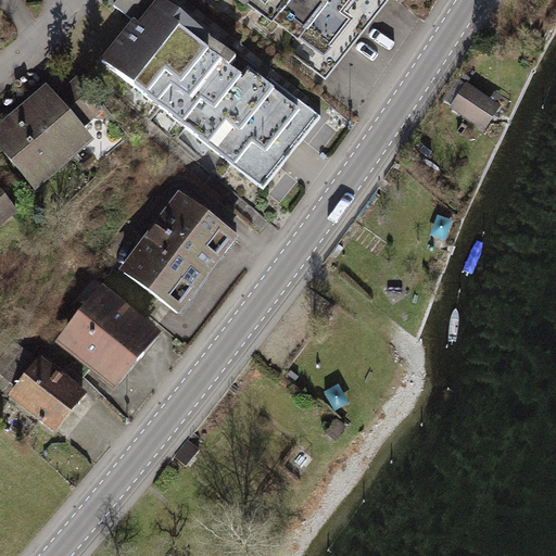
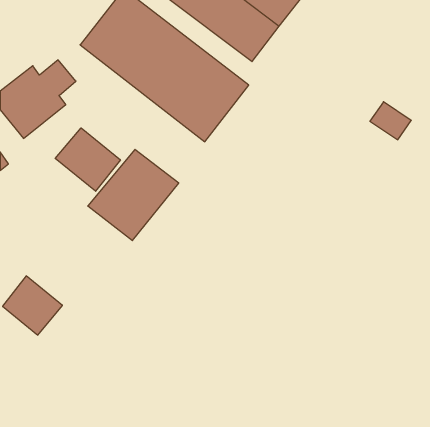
building: [452,78,505,127] -> [370,102,411,140]
building: none -> [55,128,120,191]
building: [49,287,156,392] -> none

